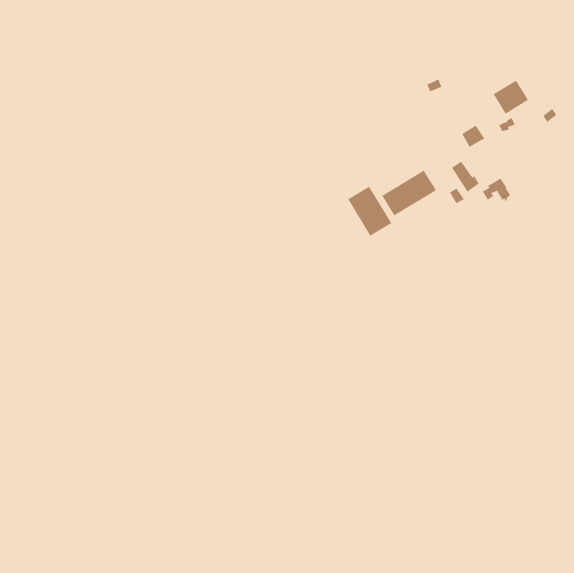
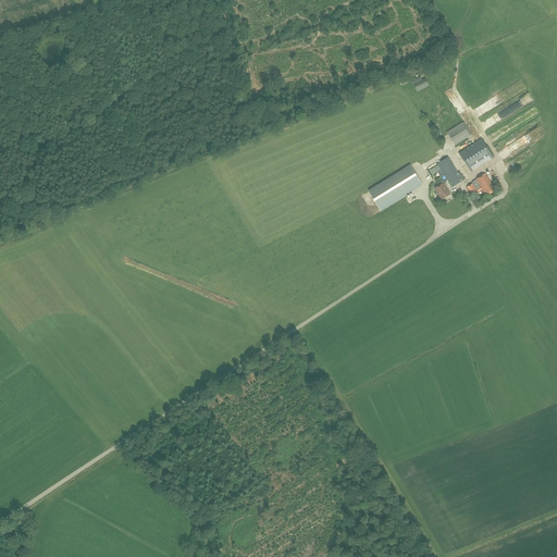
building: [493,80,529,115] -> [457,136,492,170]
building: [347,186,392,237] -> none

